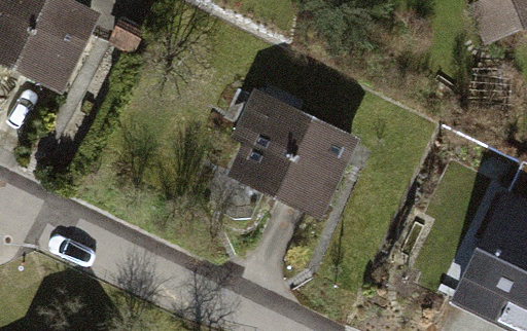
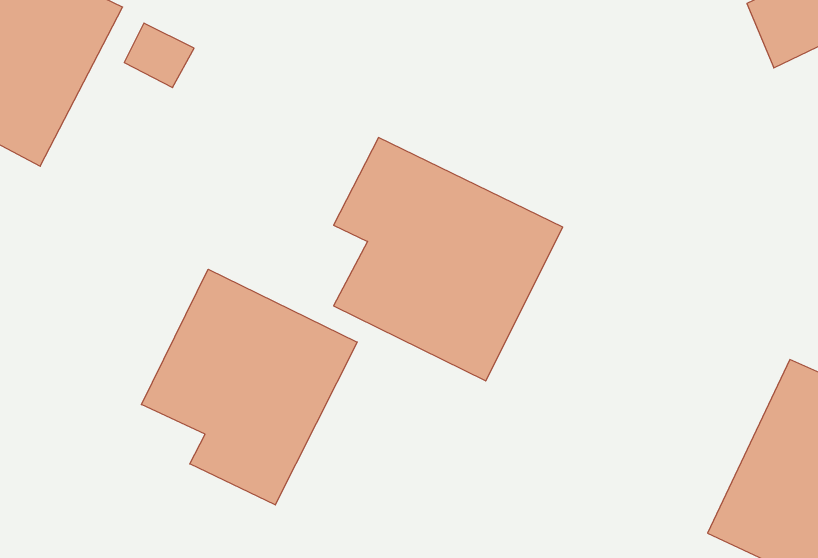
building: none -> [141,269,357,505]

